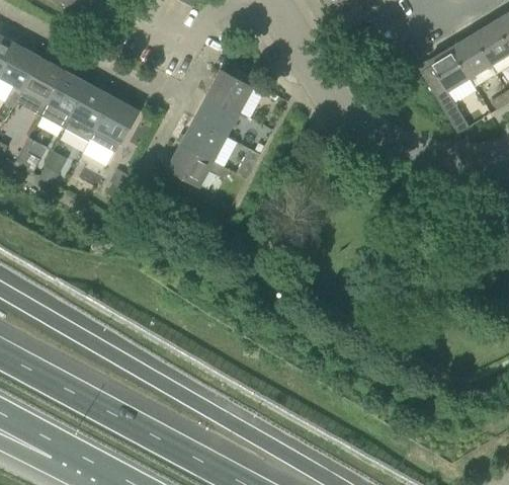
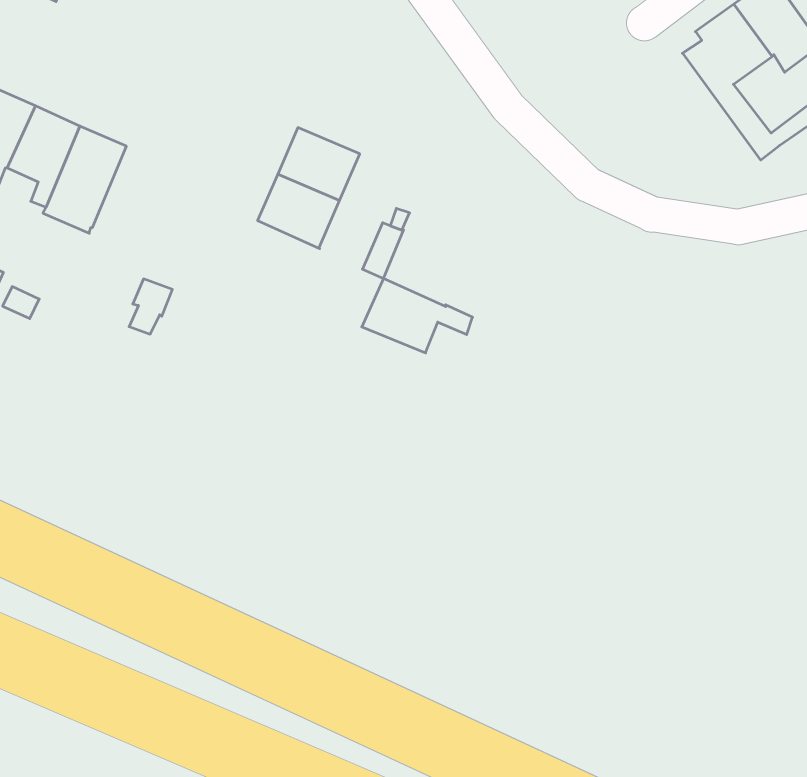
building: [207,68,257,111] -> none
building: [91,96,138,152] -> none
building: [167,143,228,185] -> [362,278,473,353]

